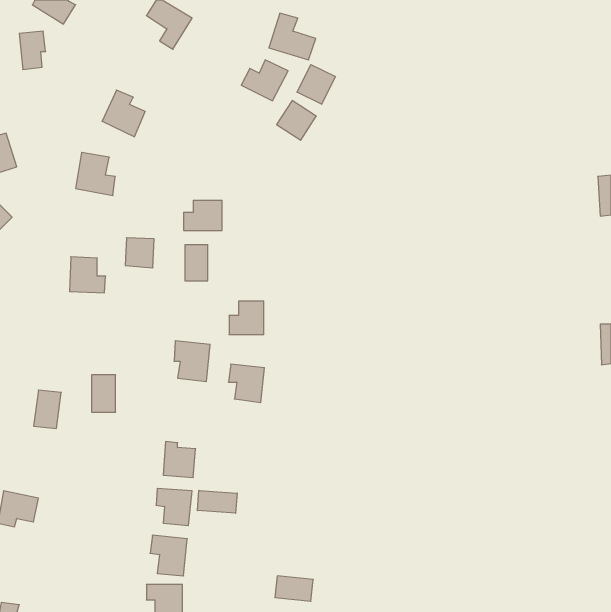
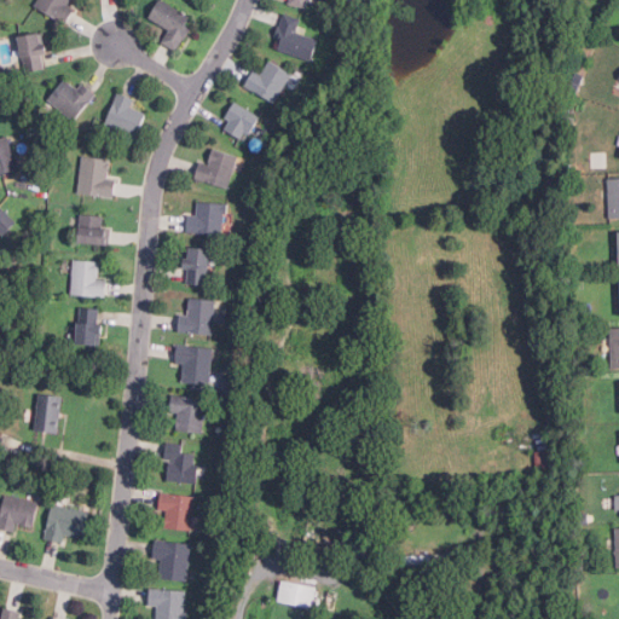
building: [297,65,335,104] -> none
building: none -> [45,77,94,121]
building: [277,101,316,140] -> [219,102,259,141]
building: none -> [193,149,236,189]
building: [125,238,154,268] -> [77,214,106,244]
building: [229,301,264,335] -> [178,300,213,334]
building: [228,364,264,403] -> [168,395,204,434]
building: [92,375,116,412] -> [77,307,102,345]
building: [197,490,237,513] -> none
building: none -> [44,505,88,543]

